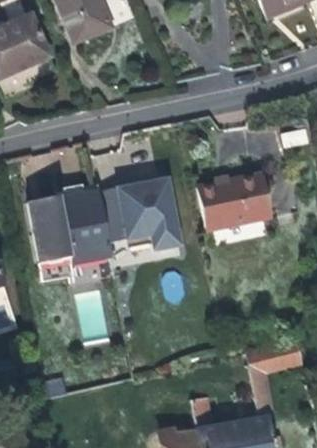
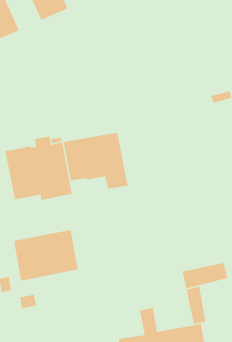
building: [199,171,273,229] -> none
building: none -> [13,229,79,281]

